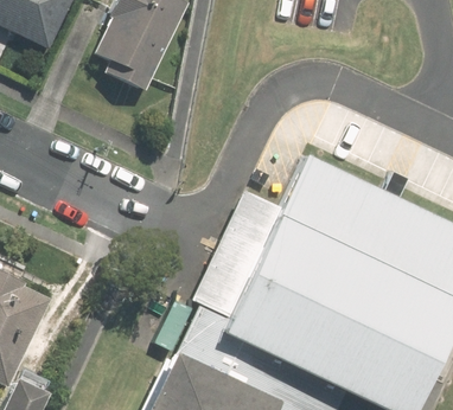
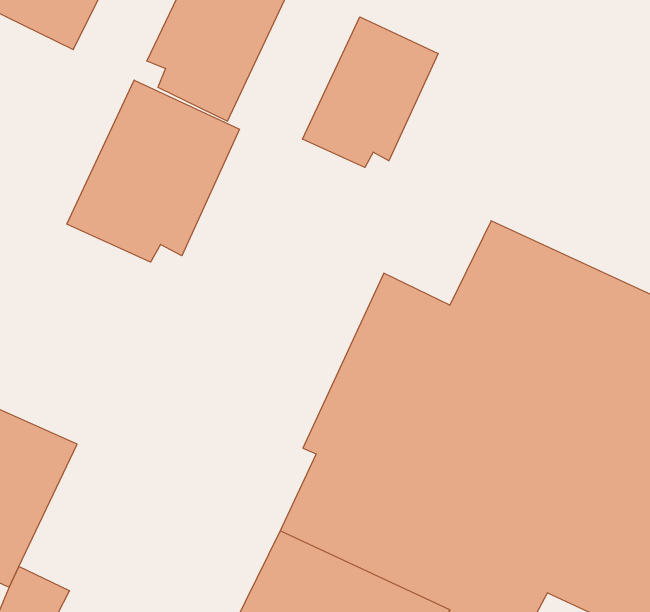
building: none -> [303,17,438,167]
building: none -> [67,80,240,262]

